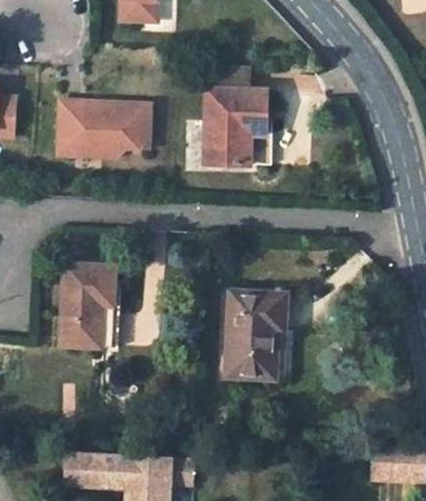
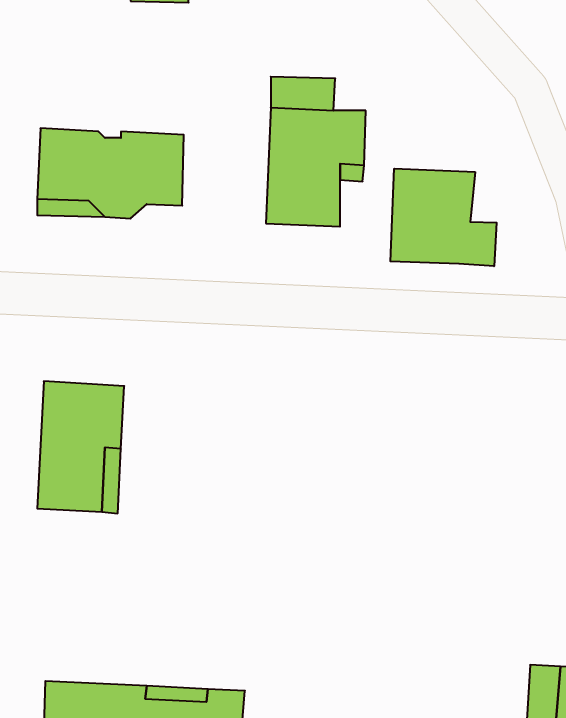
building: none -> [390,169,497,266]
building: [225,291,284,378] -> none

